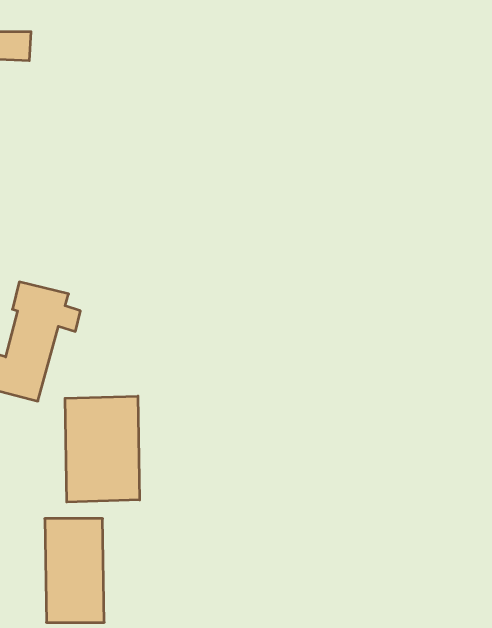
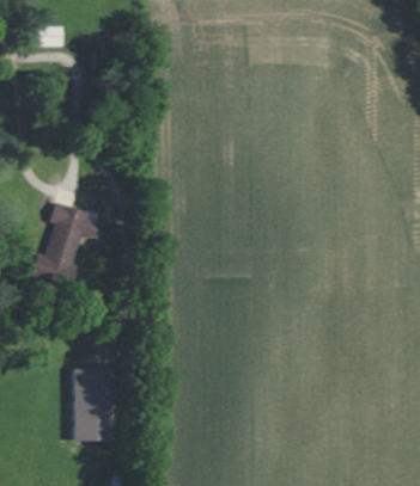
building: [65,396,140,502] -> none

